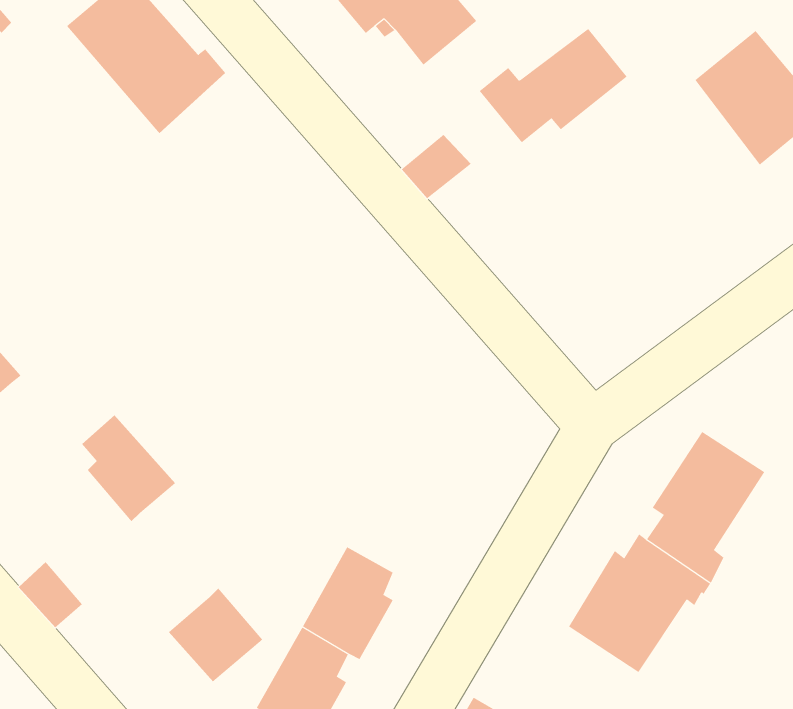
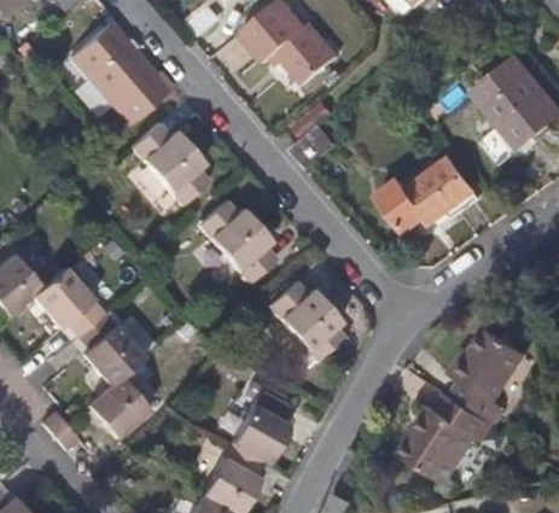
building: [479,28,627,143] -> [382,156,478,231]
building: none -> [134,126,211,206]
building: none -> [200,203,278,285]
building: none -> [37,266,104,330]
building: none -> [270,284,347,365]
building: [168,587,263,682] -> [88,374,150,436]

